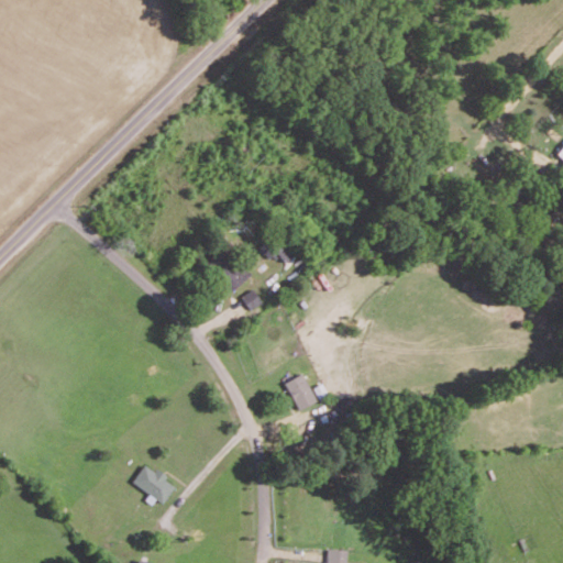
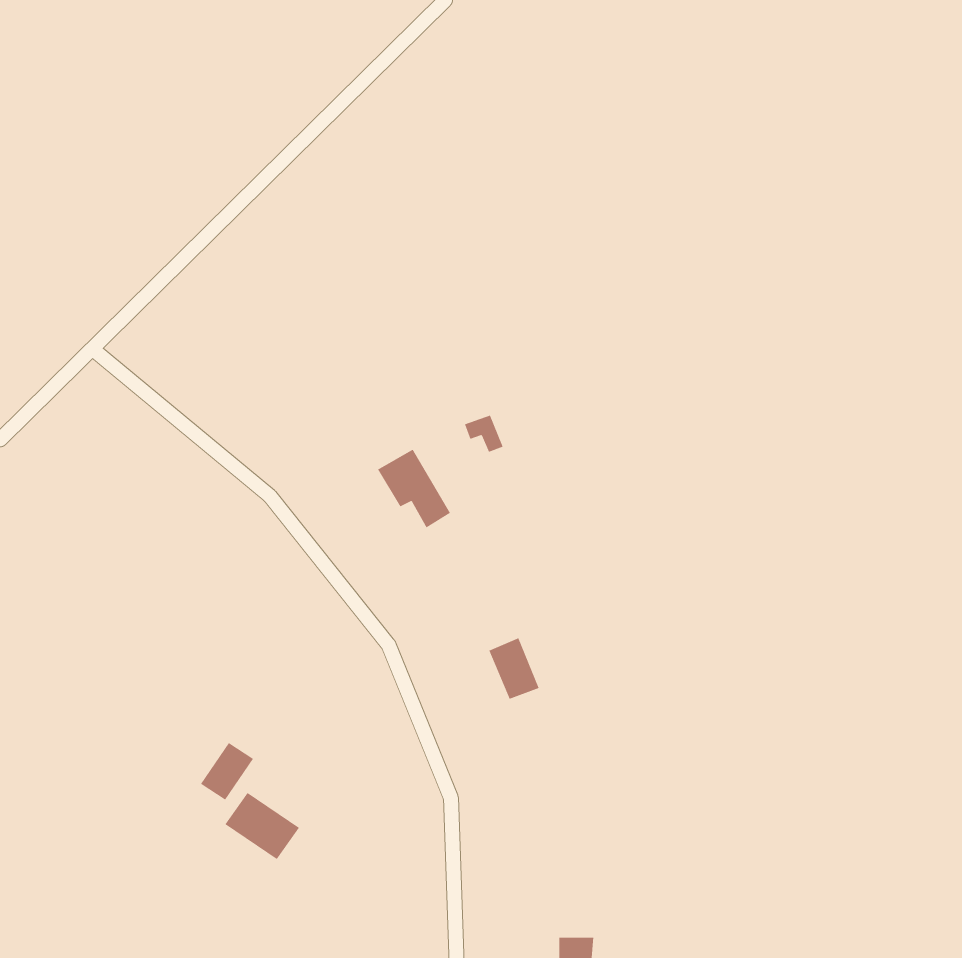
building: none -> [200,742,254,801]

